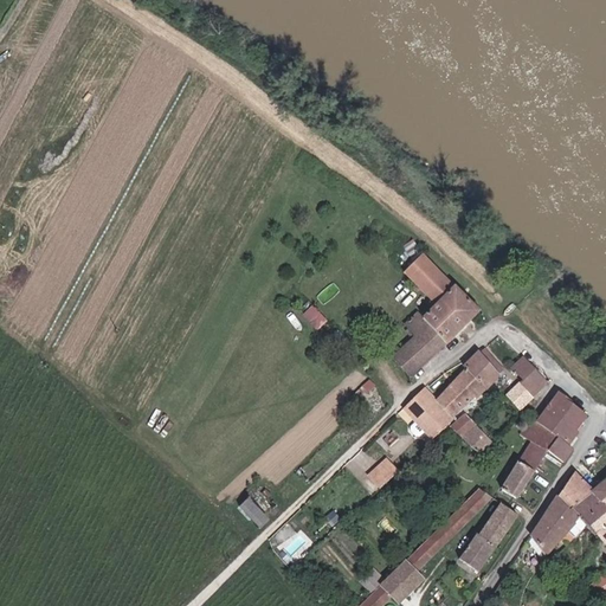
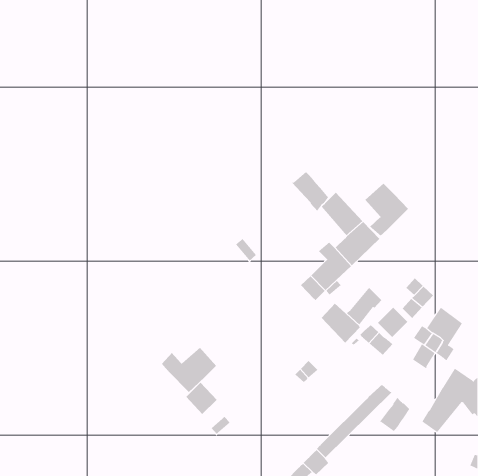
building: none -> [292,171,329,211]
building: none -> [365,183,409,237]
building: [462,344,501,383] -> [377,307,408,338]
building: none -> [161,347,217,393]
building: [503,458,536,498] -> none
building: [457,534,496,574] -> none

